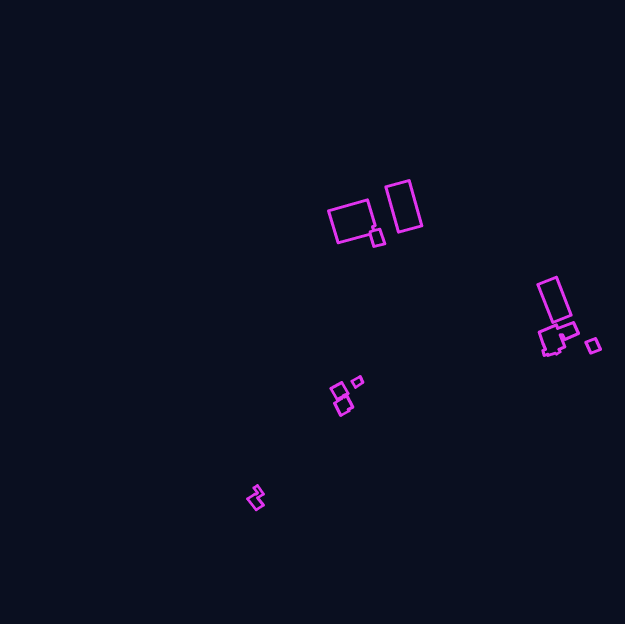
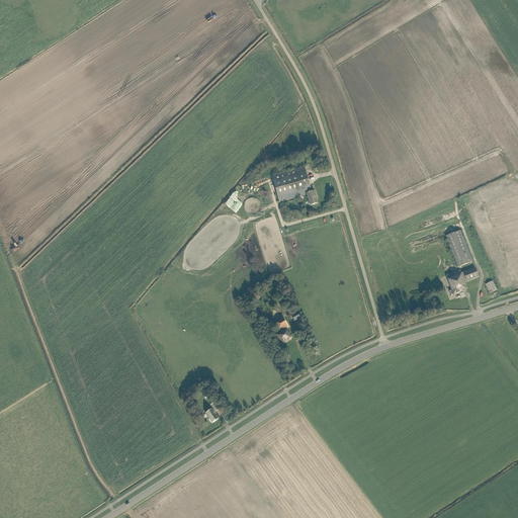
building: [386,181,422,232] -> none

